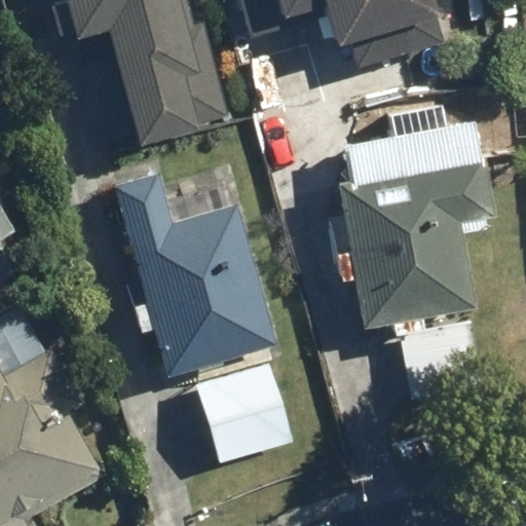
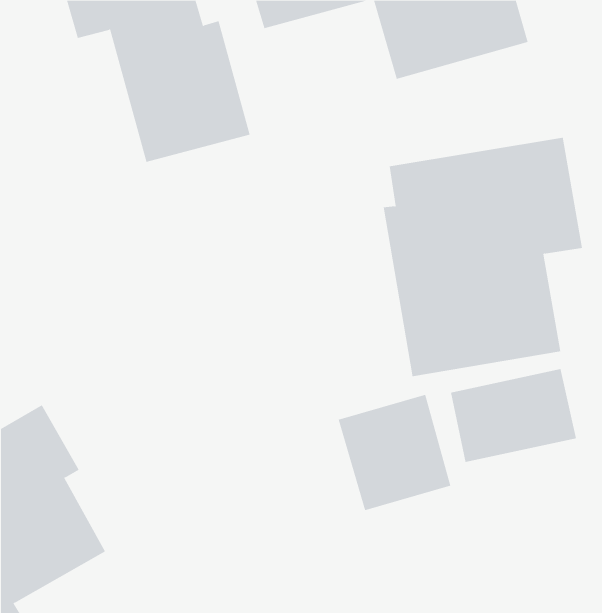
building: [111,172,274,369] -> none
building: [193,362,290,461] -> [338,394,451,511]

